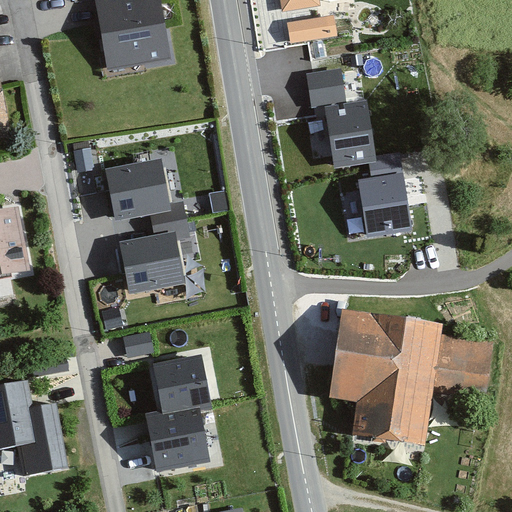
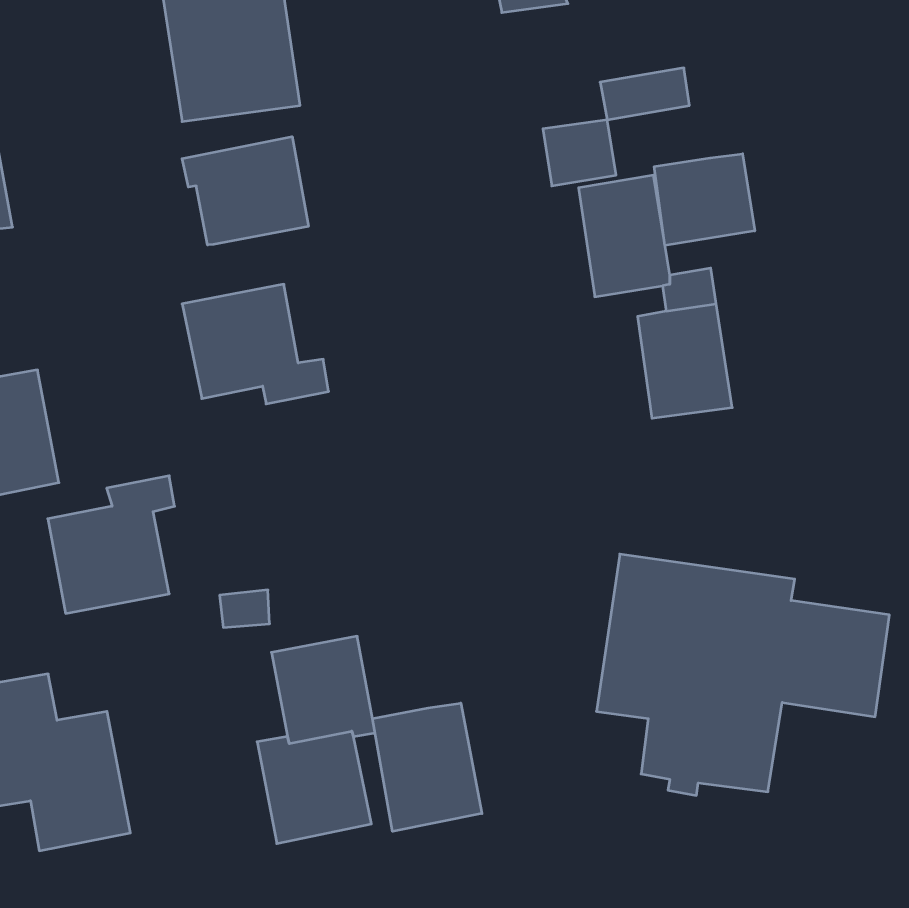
building: [285,12,335,41] -> [600,68,689,120]
building: none -> [182,137,308,245]
building: none -> [654,154,755,245]
building: [116,219,187,296] -> [48,476,175,613]
building: none -> [372,703,482,831]

